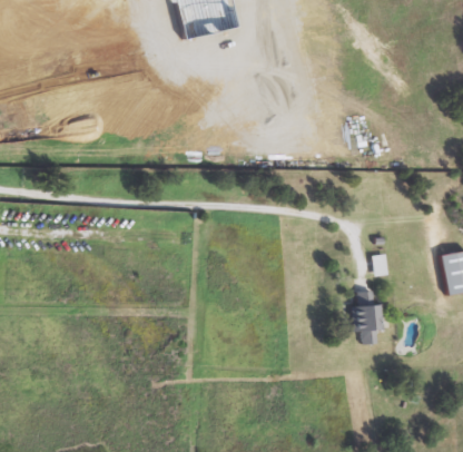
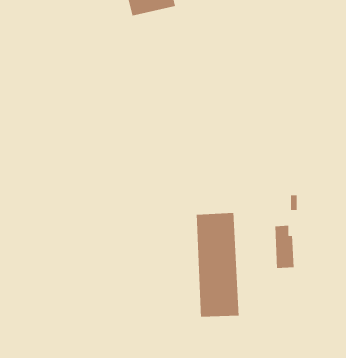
building: none -> [196,212,239,317]

